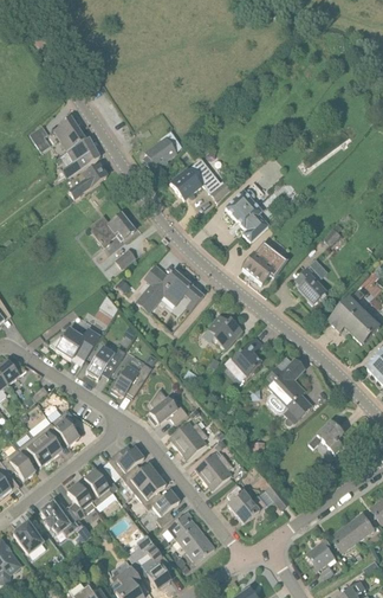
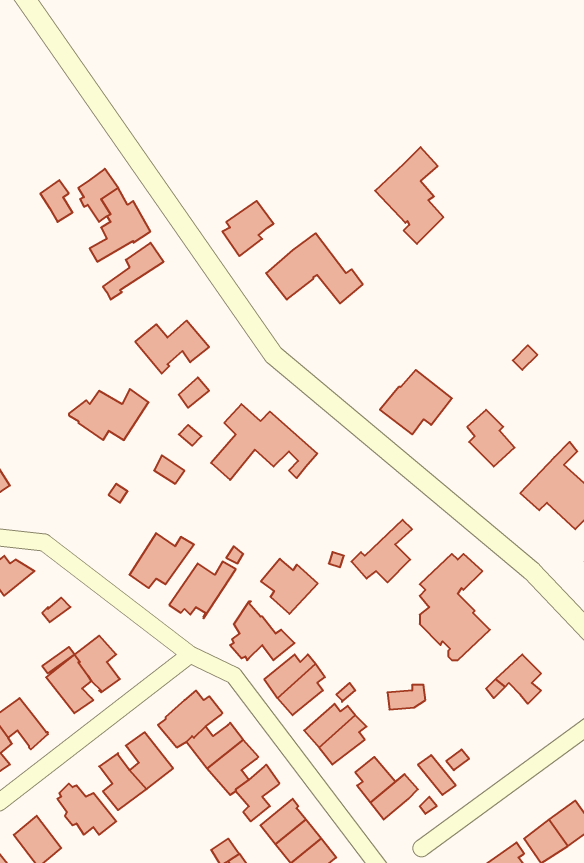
building: [225,180,267,240] -> [375,147,443,244]
building: [207,314,242,348] -> [261,559,318,614]
building: [50,327,99,359] -> [69,389,149,440]
building: [17,435,51,465] -> none

